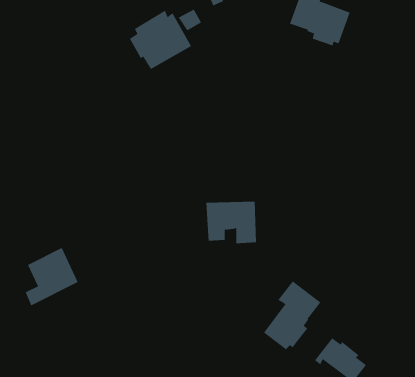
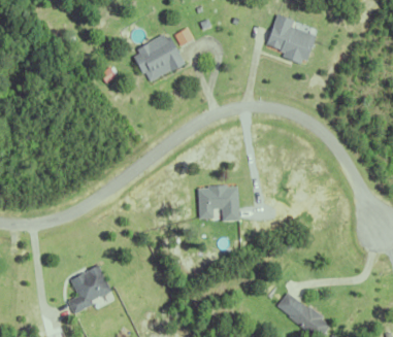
building: [25,247,78,306] -> [68,267,112,315]
building: [263,280,321,350] -> none

